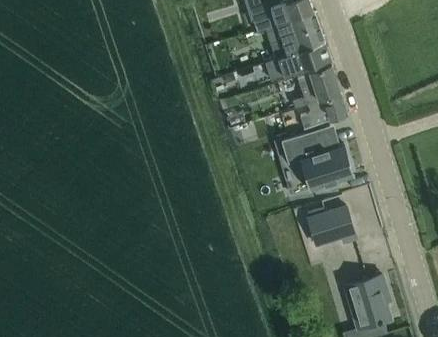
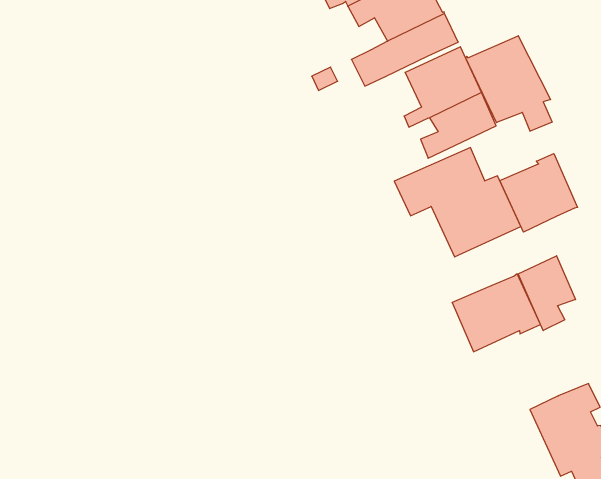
building: none -> [465,36,552,131]
building: none -> [500,154,578,232]
building: none -> [518,256,575,331]

